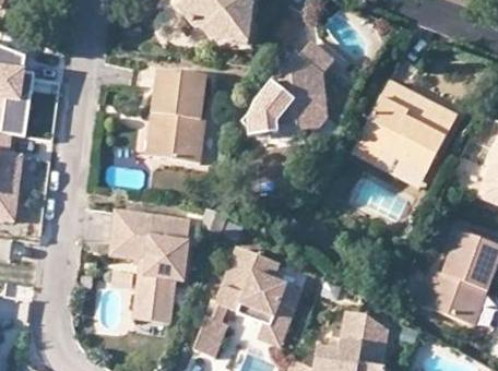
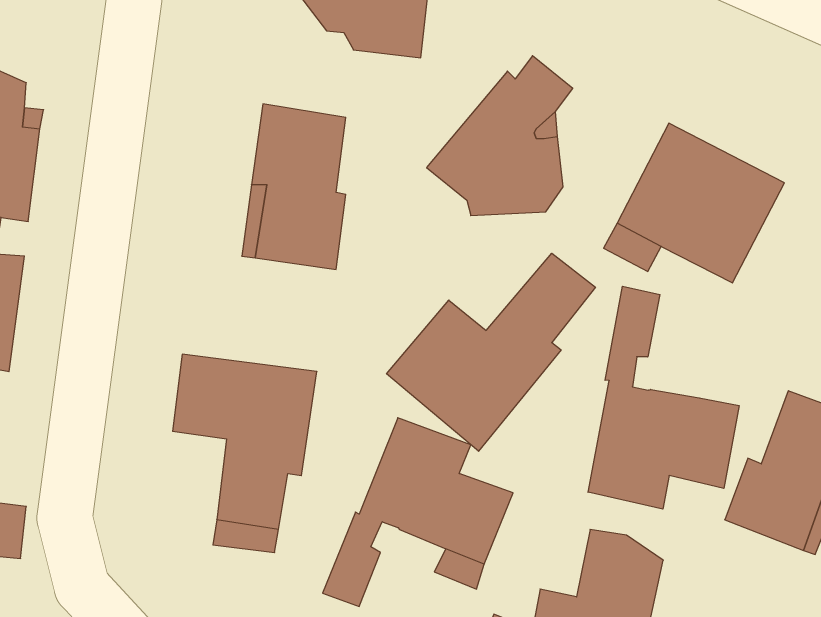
building: none -> [387,253,595,451]
building: none -> [588,286,739,509]

